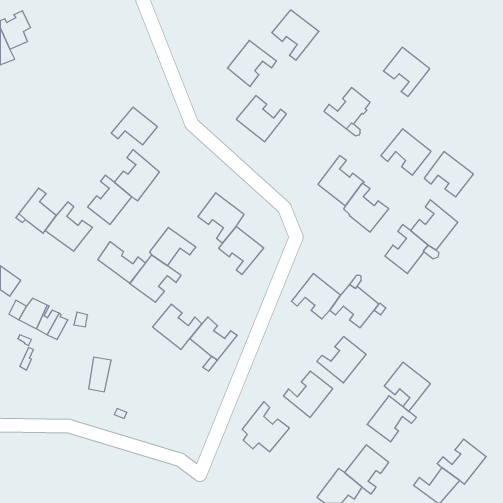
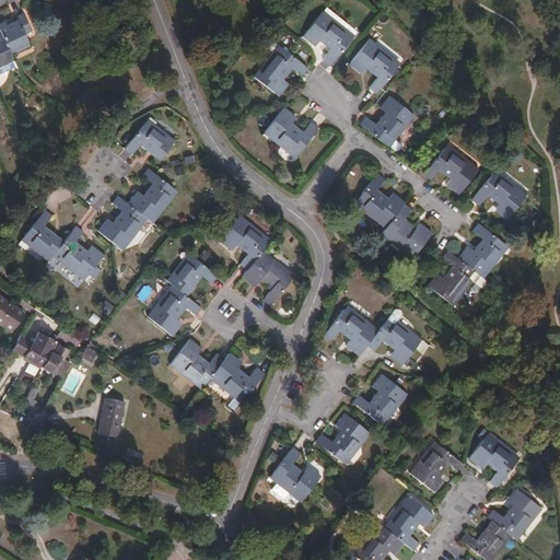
building: [383,47,430,96] -> [349,38,400,93]
building: [98,242,146,283] -> none
building: [384,362,430,411] -> [467,431,518,486]

